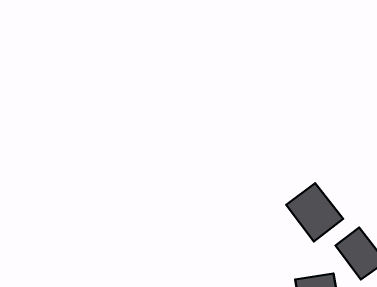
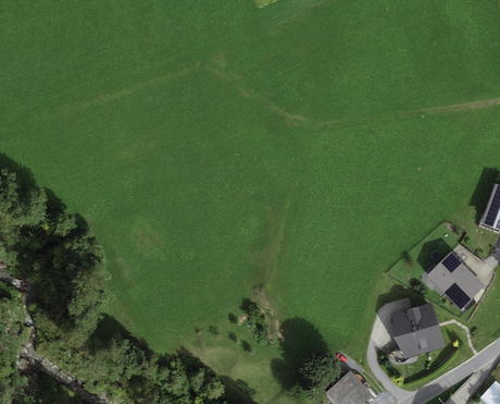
building: [286,183,343,242] -> none

